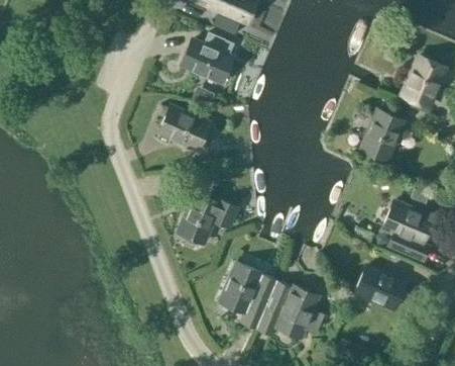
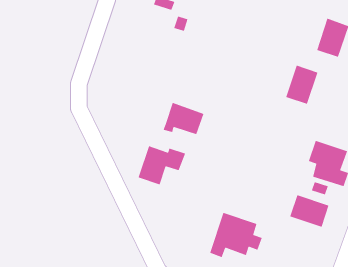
building: [182,33,232,82] -> none
building: [156,106,208,149] -> [163,102,204,135]
building: [219,263,276,329] -> none

